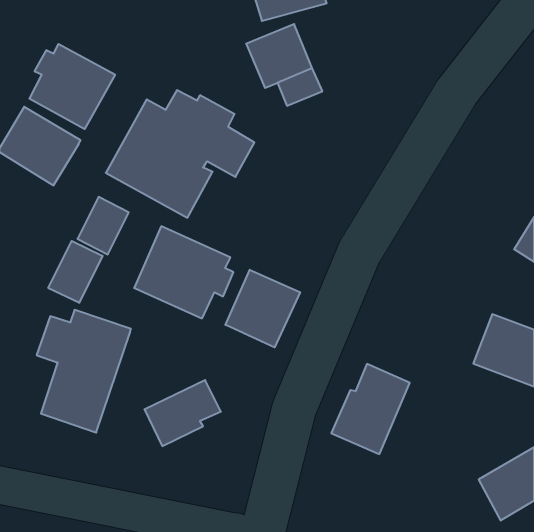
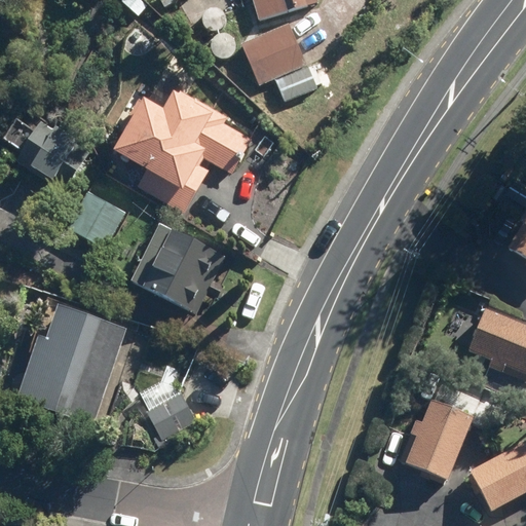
building: [29,44,115,129] -> none
building: [48,241,103,303] -> none
building: [225,270,300,347] -> none
building: [331,364,410,454] -> [398,393,475,482]

